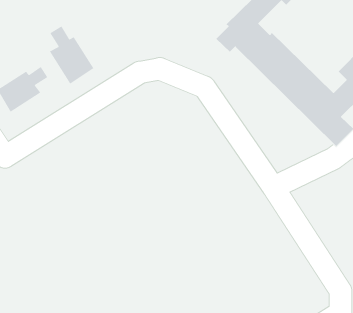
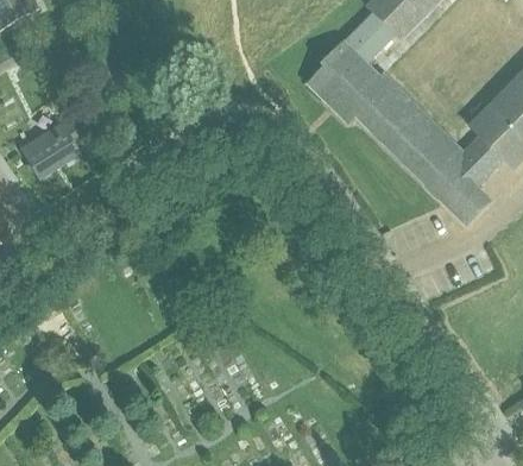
building: [49,25,94,85] -> none

